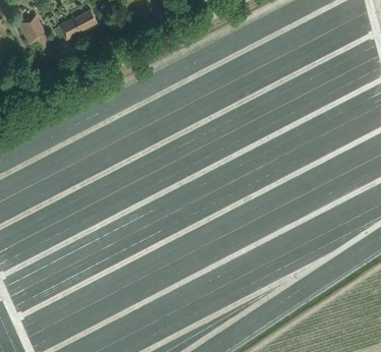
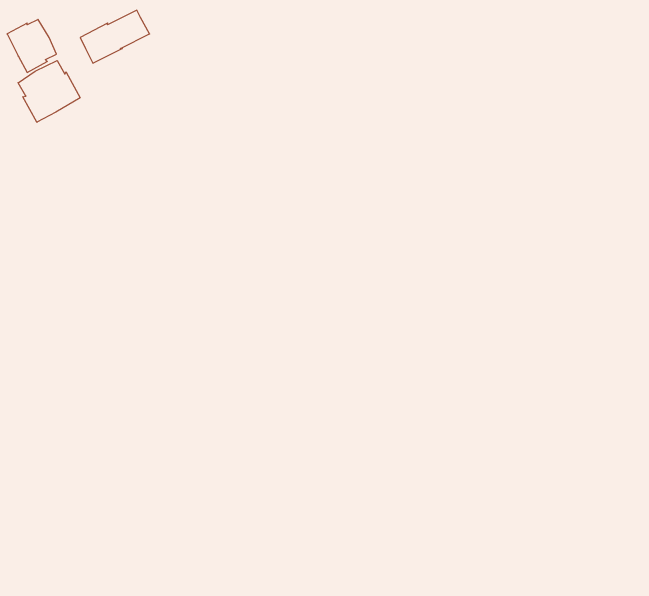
building: none -> [18,61,80,122]

